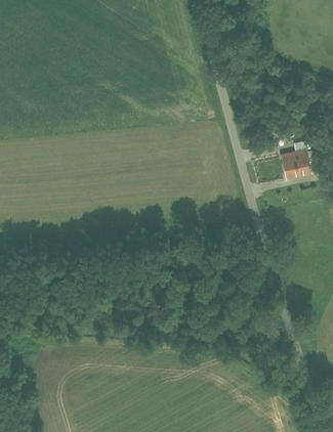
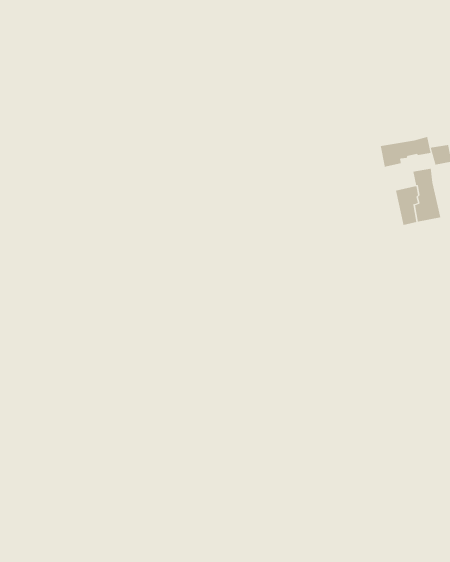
building: none -> [380,136,431,167]

